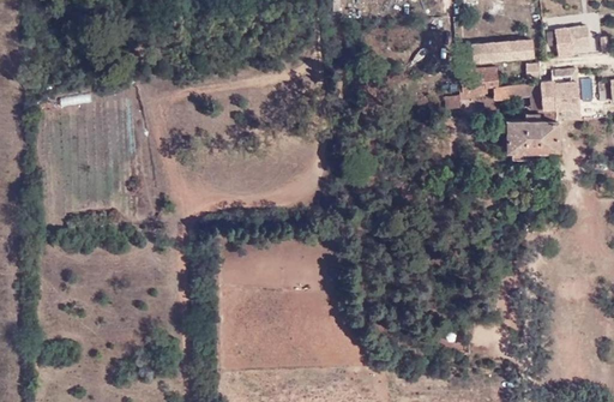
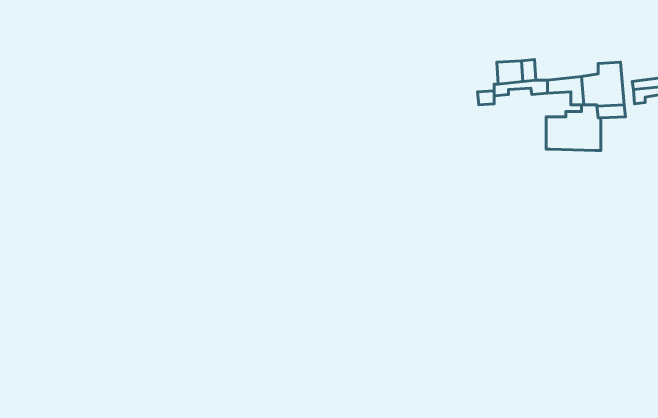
building: [555,26,591,56] -> none
building: [486,40,535,61] -> none

